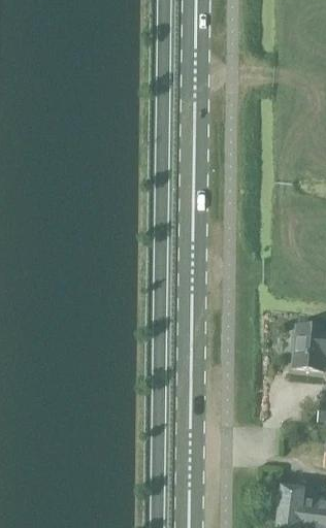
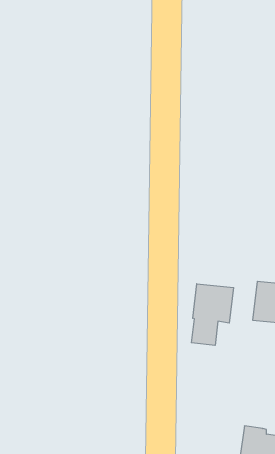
building: none -> [191,284,234,345]

